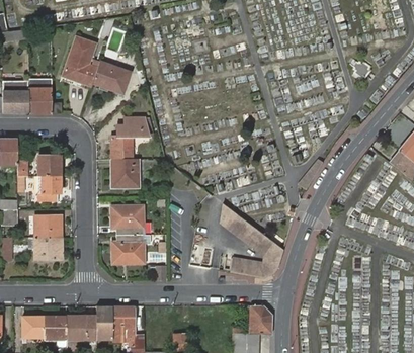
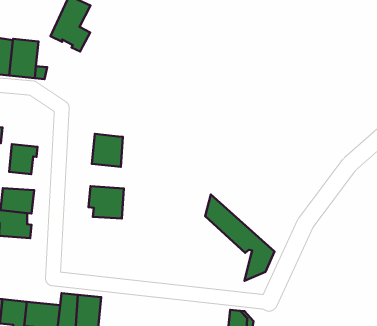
building: [92,61,131,92] -> none
building: [110,117,149,159] -> none
building: [37,156,61,176] -> none
building: [112,233,144,262] -> none
building: [230,257,262,277] -> none

